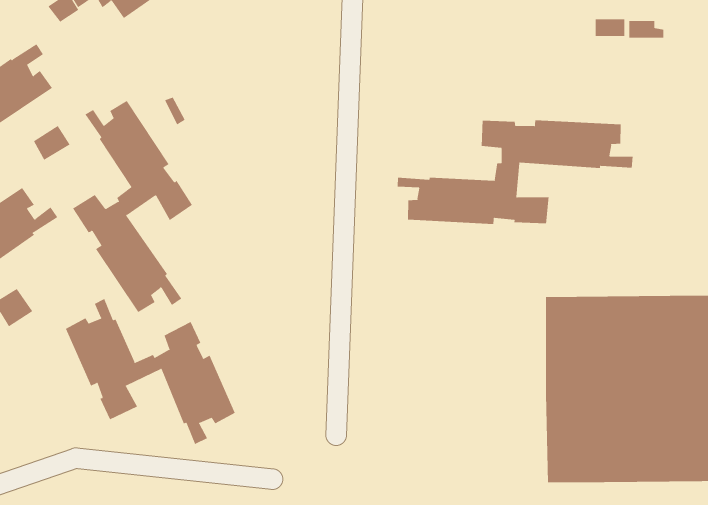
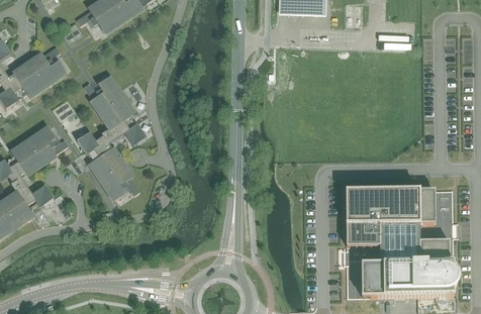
building: [397,119,633,225] -> none
building: [65,298,235,445] -> none

